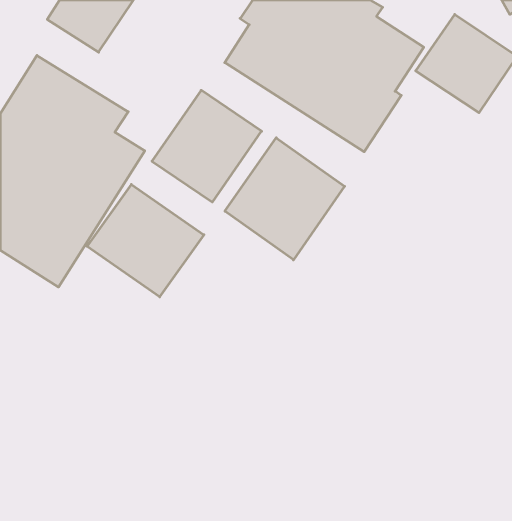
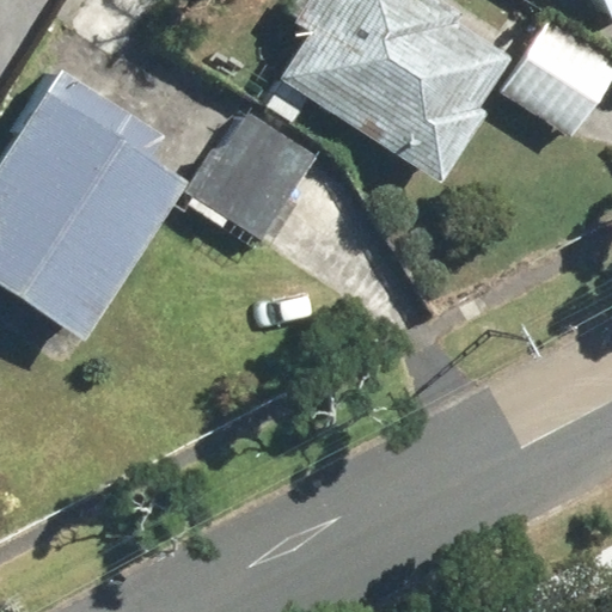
building: [225,138,345,260] -> none
building: [87,184,204,297] -> none

